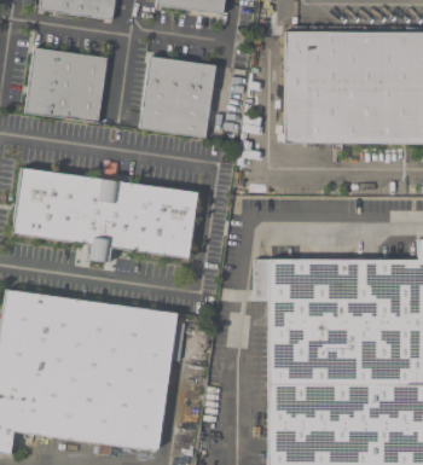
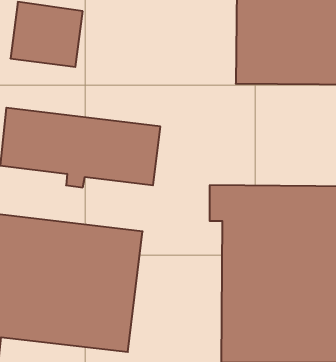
building: [138,57,216,136] -> none

